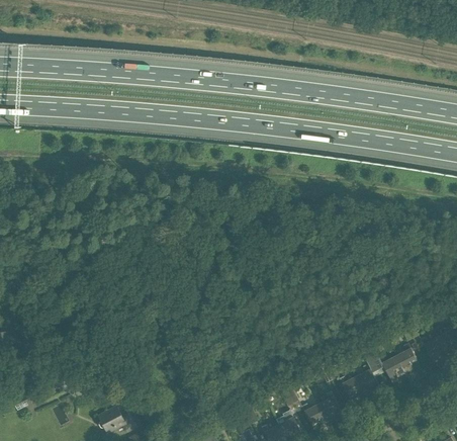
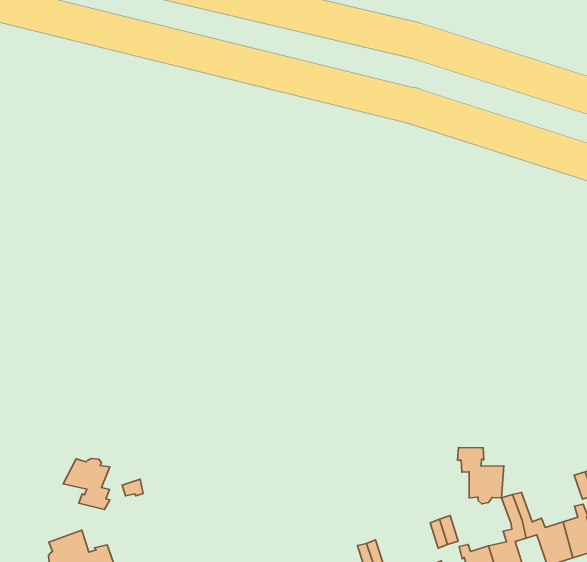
building: none -> [458,448,504,504]
building: none -> [63,459,110,510]

